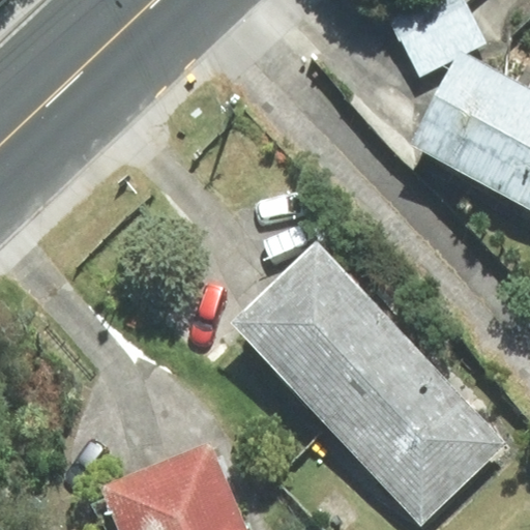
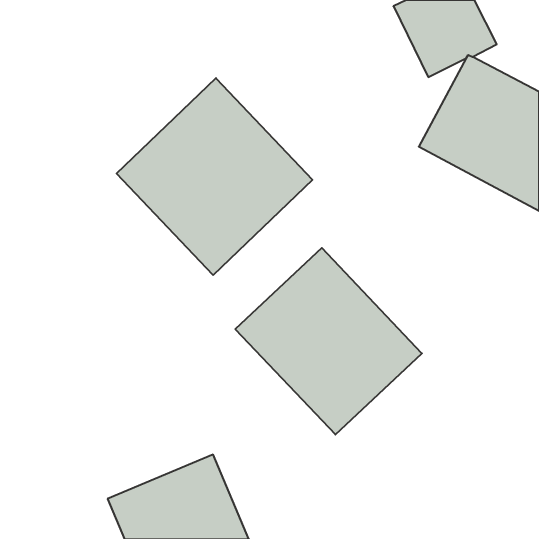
building: none -> [117,78,312,275]
building: [329,347,505,523] -> none

